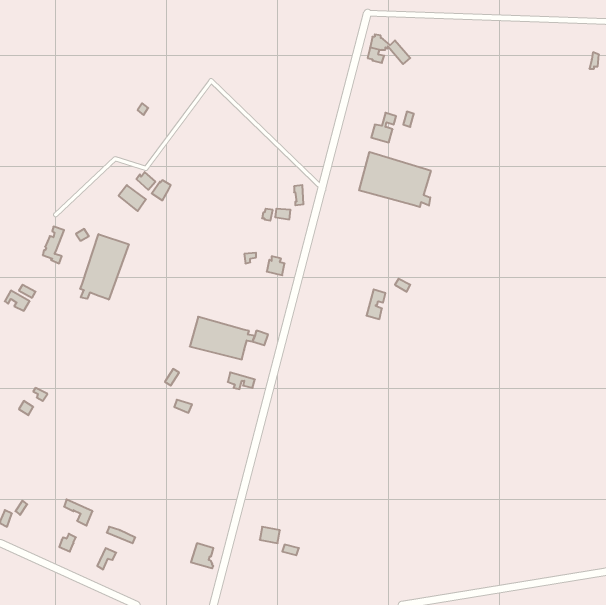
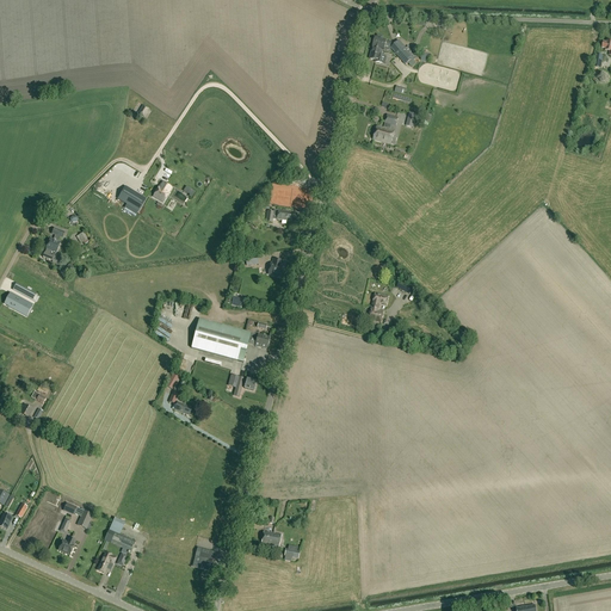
building: [359,152,431,207] -> none
building: [80,234,129,300] -> none

